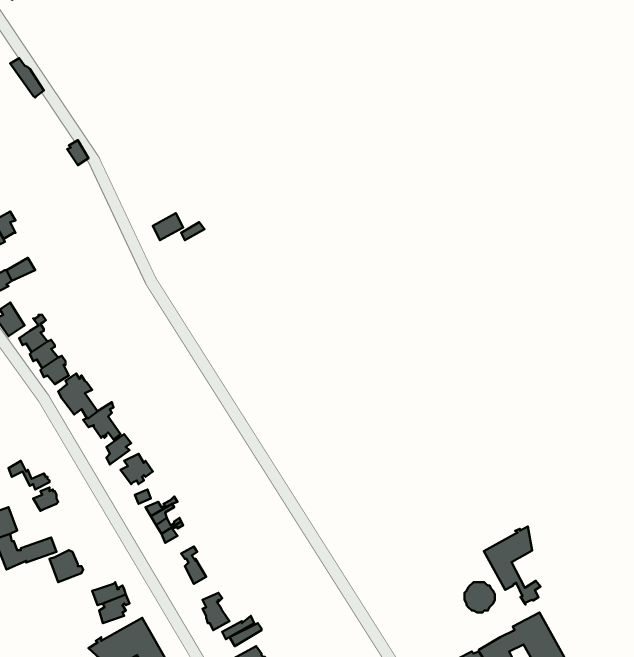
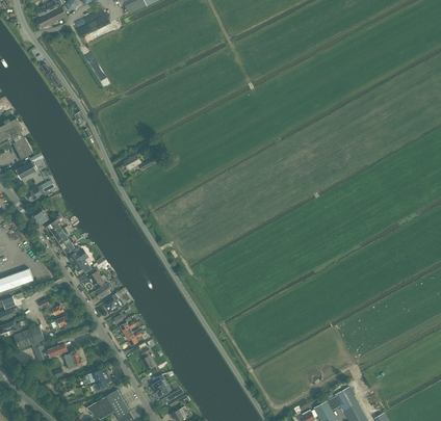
building: [484,527,540,605] -> none

